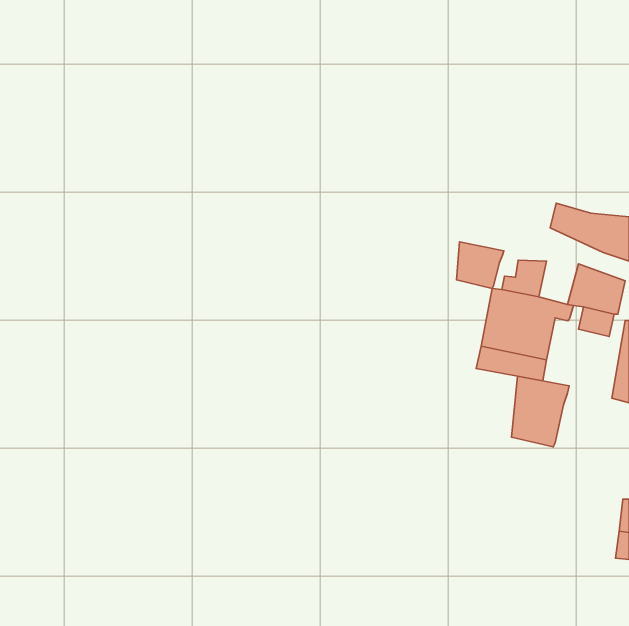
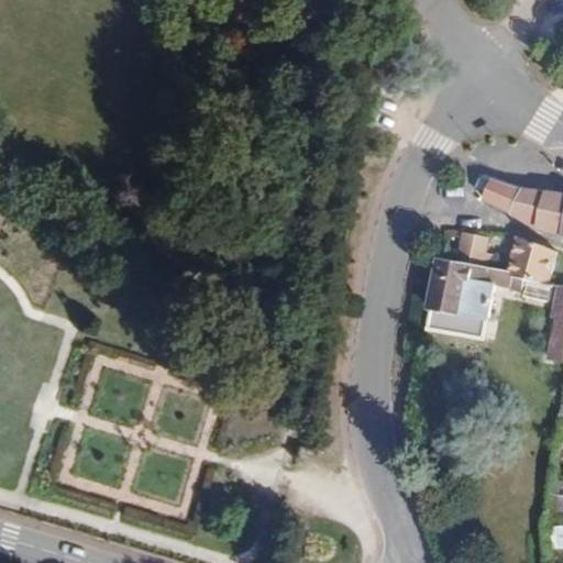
building: [457,242,504,288] -> none
building: [512,376,569,447] -> none

